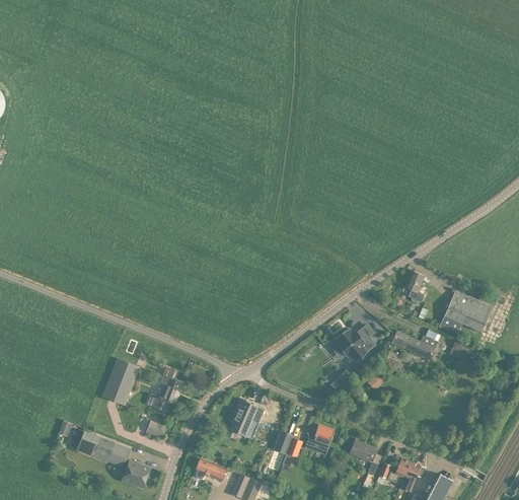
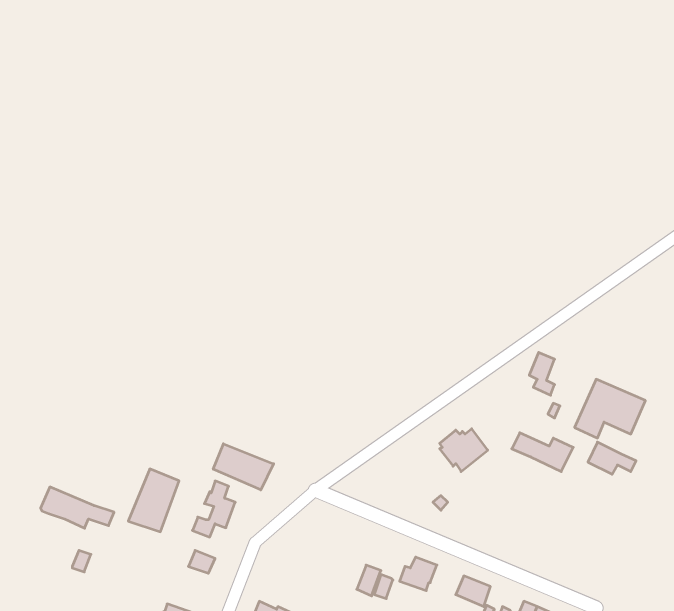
building: none -> [213,444,274,490]
building: [230,400,264,438] -> none
building: [73,430,129,461] -> [41,487,114,528]

